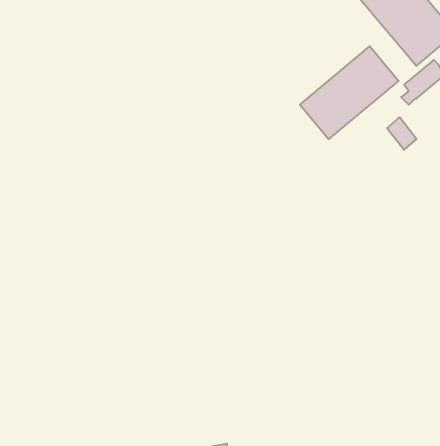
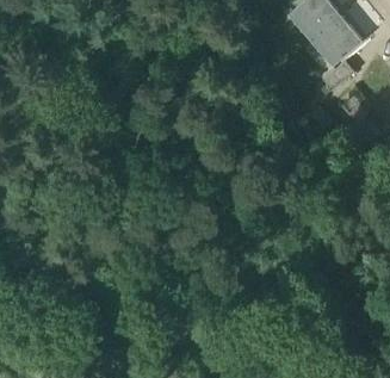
building: [300,46,399,139] -> none

